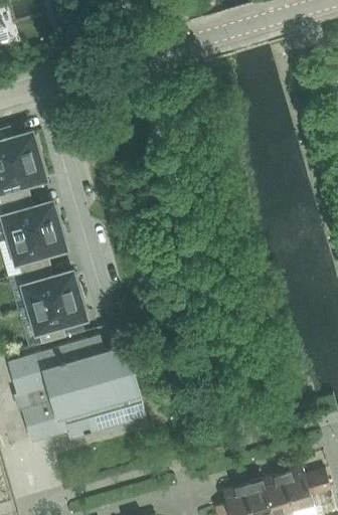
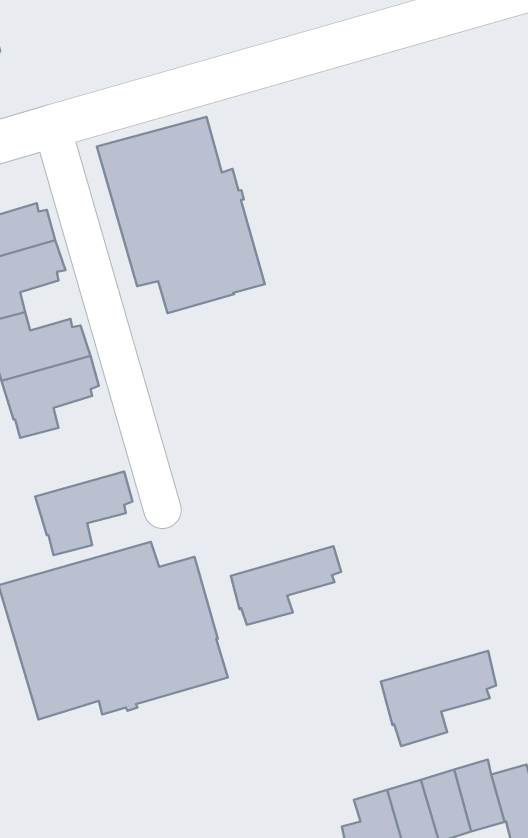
building: none -> [97,117,265,313]
building: [19,268,81,309] -> none
building: none -> [231,546,341,625]
building: none -> [381,651,496,746]

